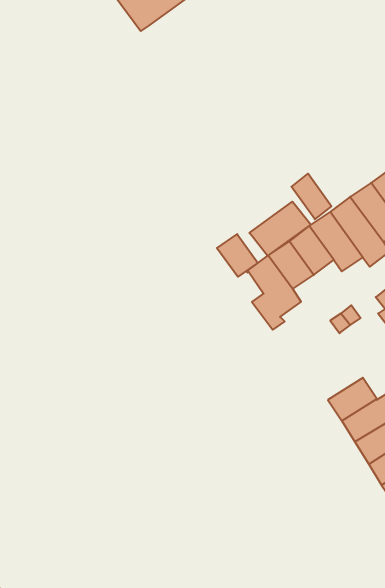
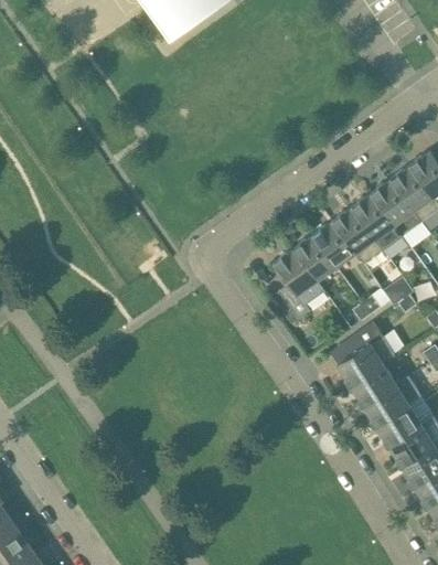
building: [291,174,331,219] -> none
building: [249,202,311,256] -> none
building: [217,234,258,277] -> none
building: none -> [336,321,395,384]

